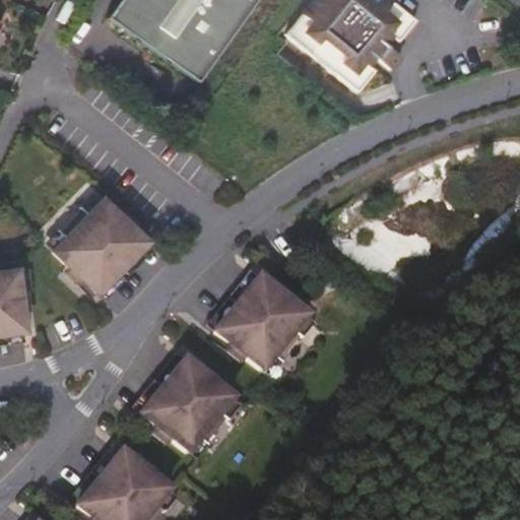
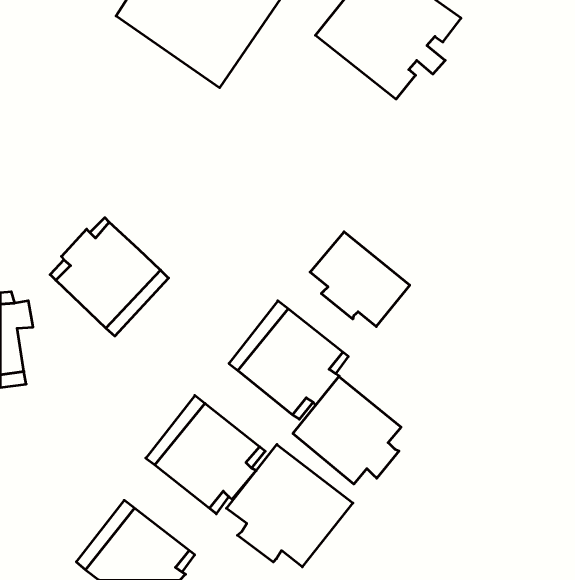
building: none -> [310,232,410,327]
building: none -> [293,377,401,484]
building: none -> [226,444,353,567]

